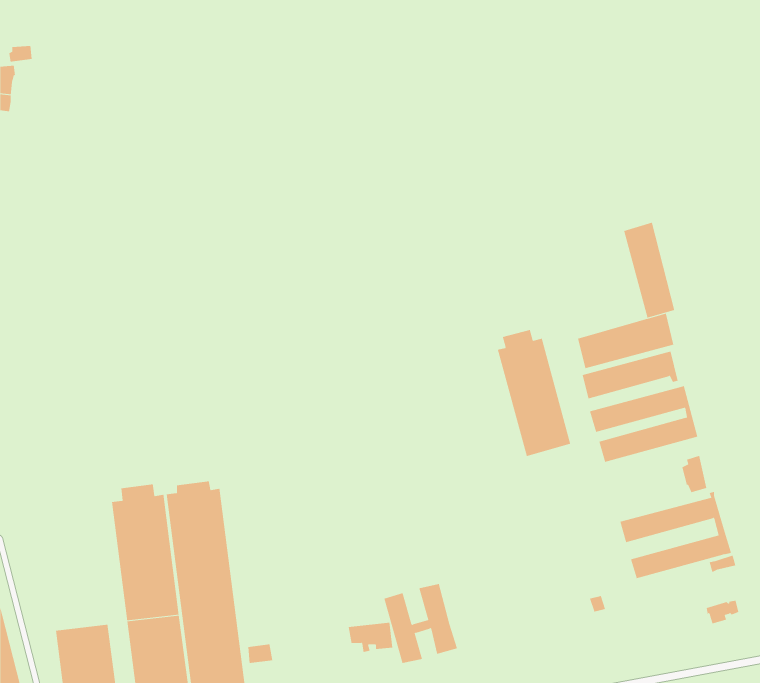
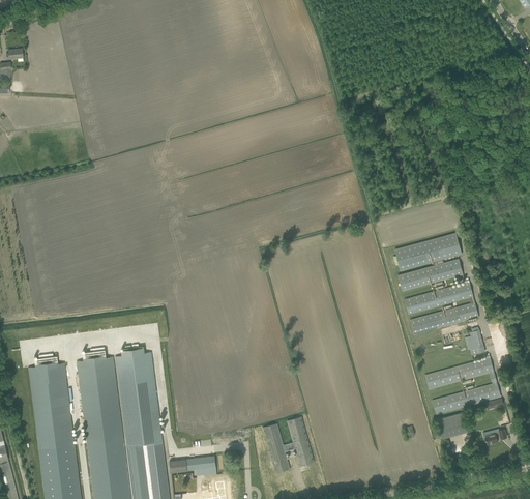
building: [623,222,675,318] -> none
building: [497,329,571,457] -> none
building: none -> [28,355,75,449]
building: none -> [438,412,467,439]
building: [348,622,393,652] -> [185,456,216,476]

